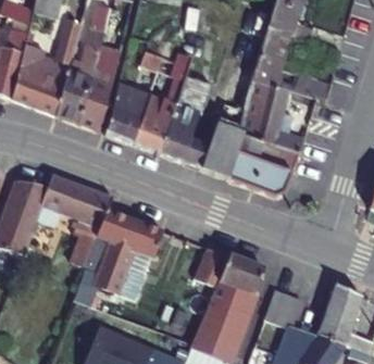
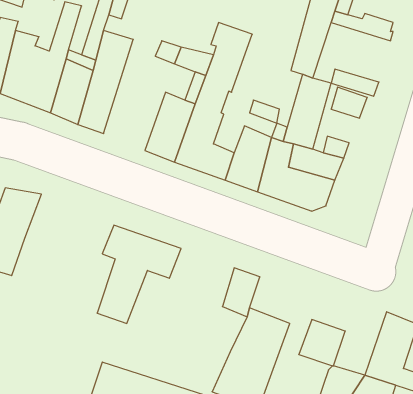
building: [104,86,150,147] -> none
building: [32,173,112,268] -> none
building: [221,253,264,292] -> none

